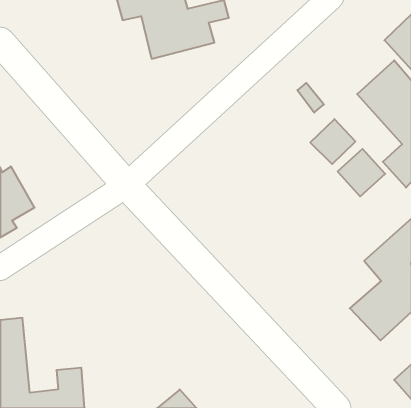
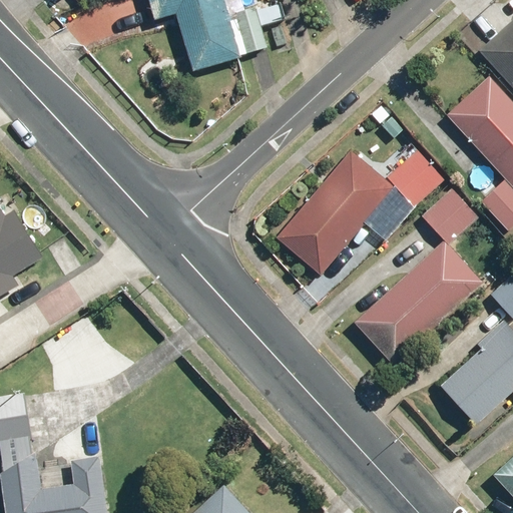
building: none -> [276,150,395,275]
building: none -> [351,241,482,366]

